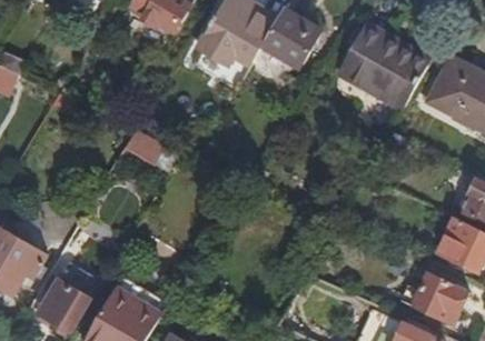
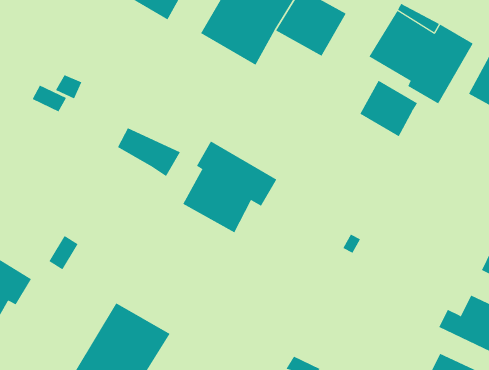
building: none -> [359,80,418,137]
building: none -> [182,141,277,233]
building: [36,272,92,331] -> none

